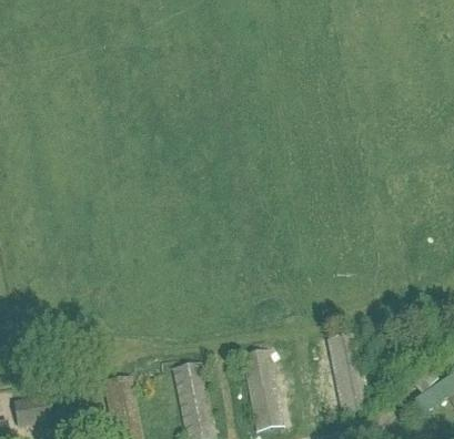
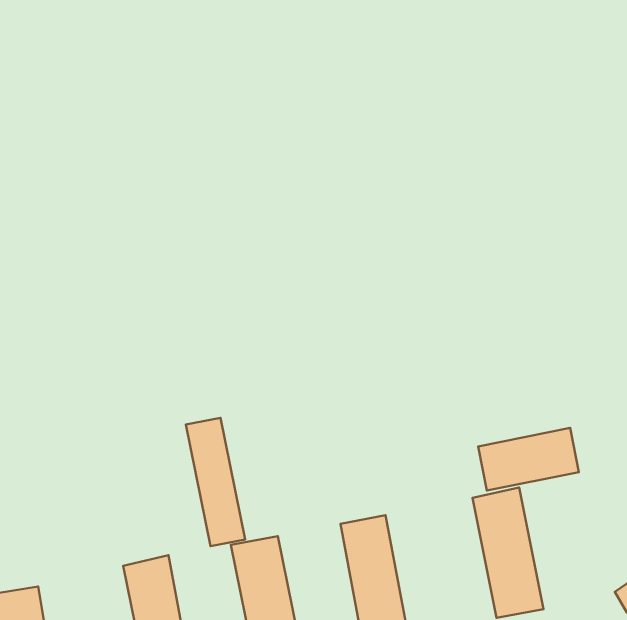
building: none -> [186,418,245,546]
building: none -> [478,428,579,491]

